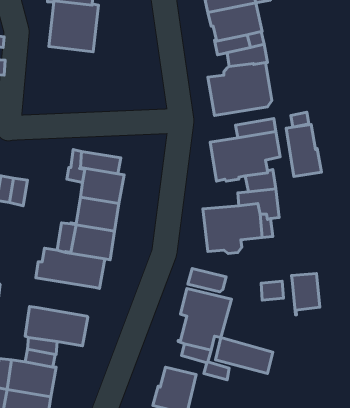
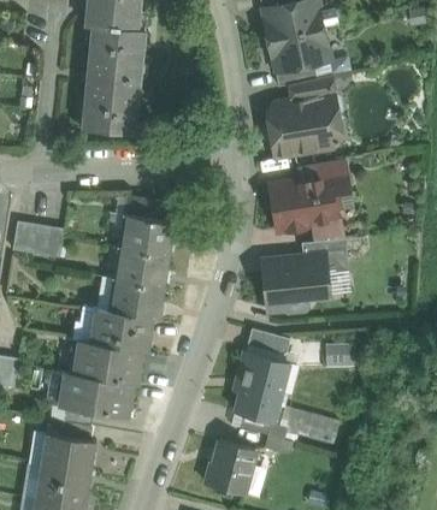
building: none -> [83,76,138,132]
building: [286,124,321,177] -> none
building: [292,273,320,315] -> none
building: none -> [75,339,141,382]

